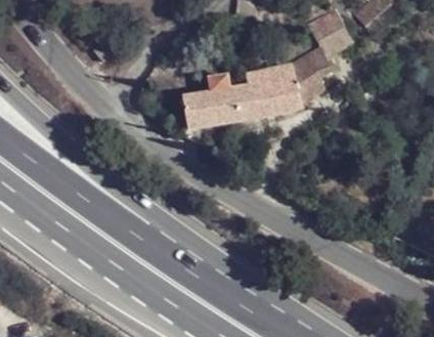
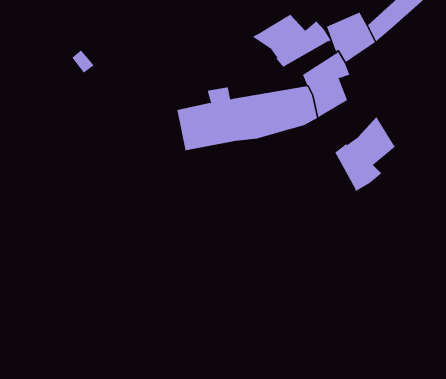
building: none -> [252,14,331,67]
building: none -> [334,116,395,192]

